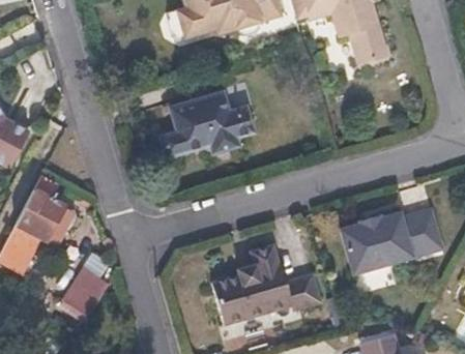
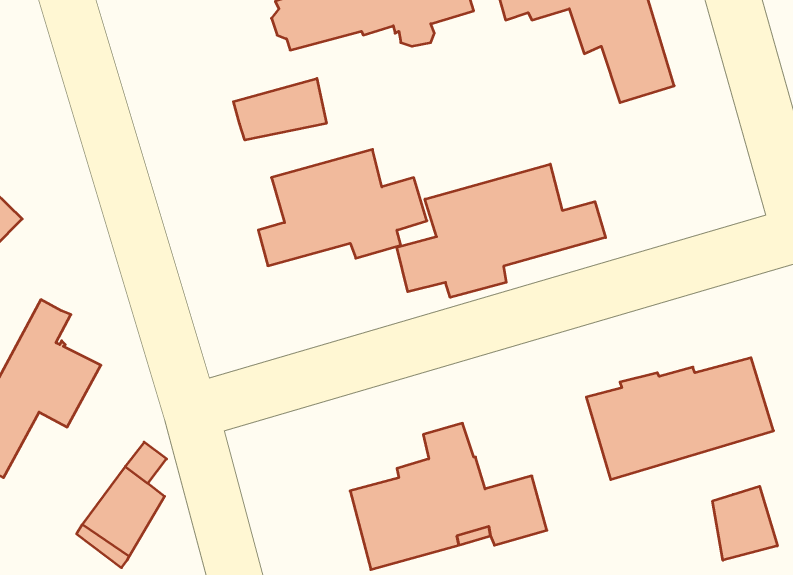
building: none -> [233,78,326,140]
building: none -> [397,164,606,297]
building: none -> [713,486,777,560]

